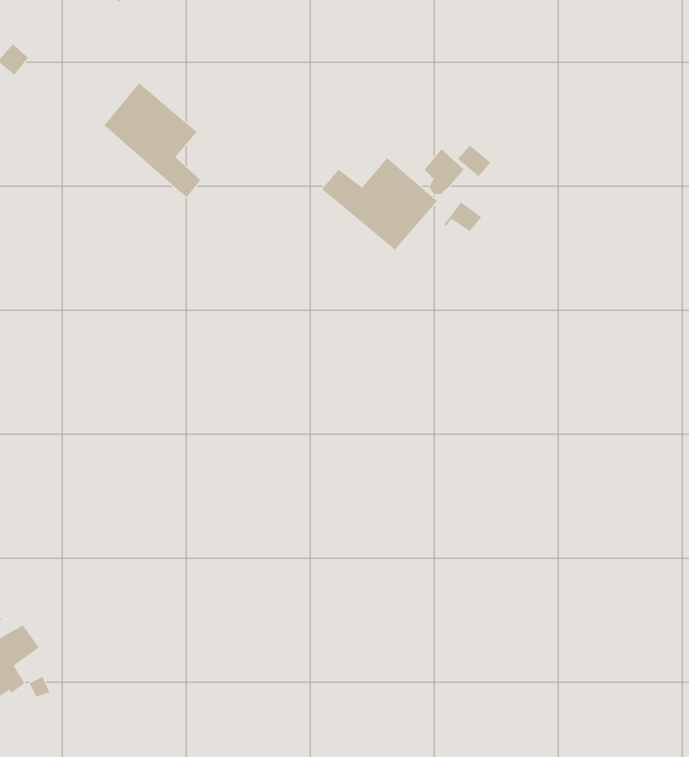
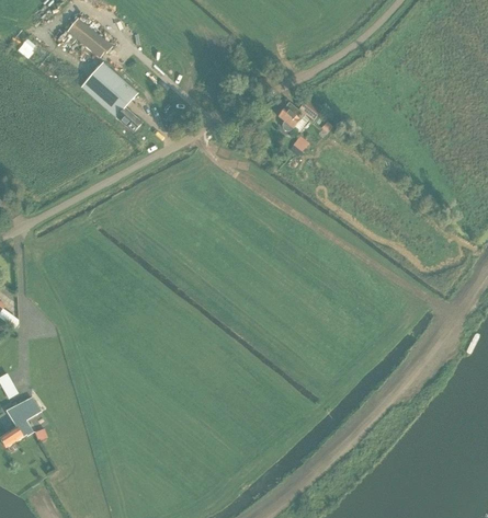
building: none -> [66,16,111,57]
building: [321,157,438,250] -> none

